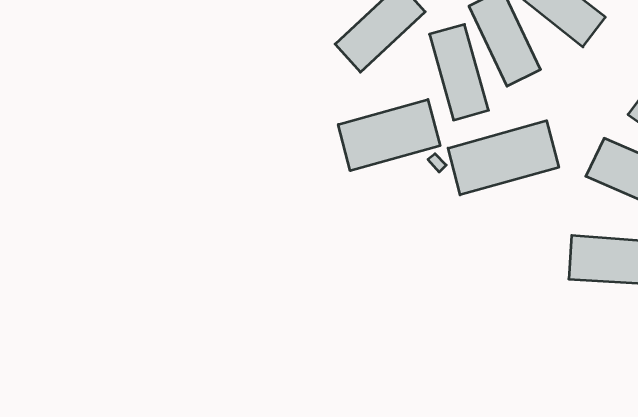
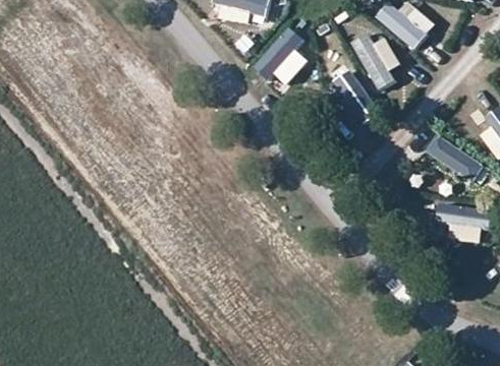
building: [338,99,440,171] -> none
building: [448,121,559,195] -> none

